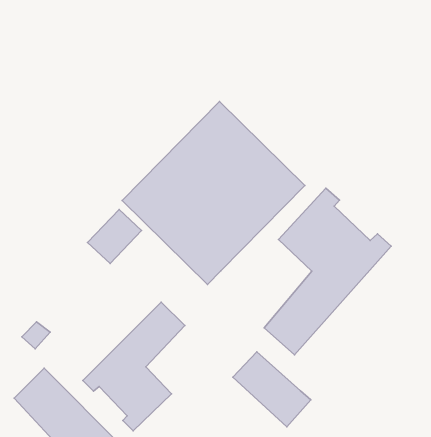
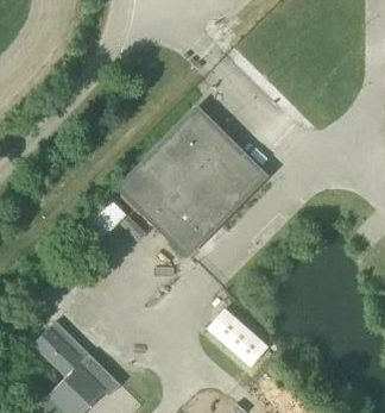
building: [264,188,391,355] -> none
building: [83,302,185,431] -> none

